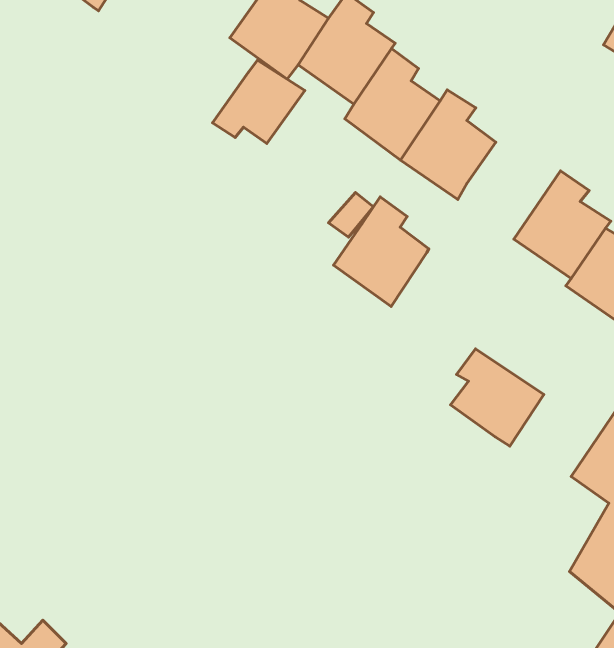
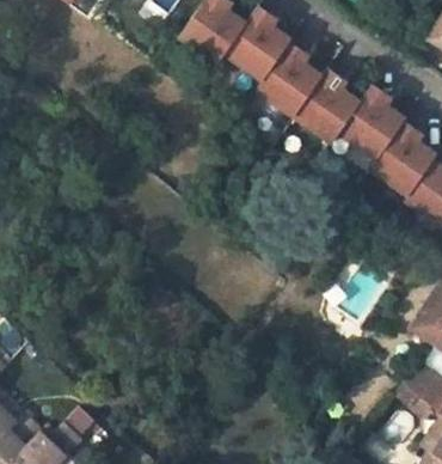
building: [213,60,305,143] -> none
building: [334,197,429,306] -> [339,86,403,159]
building: [450,349,544,446] -> none

